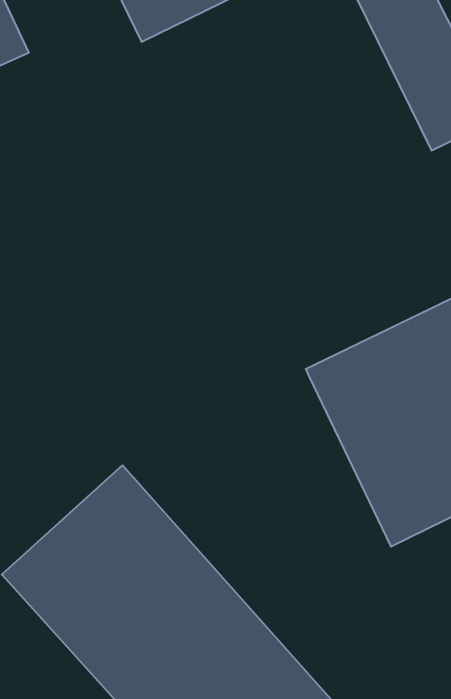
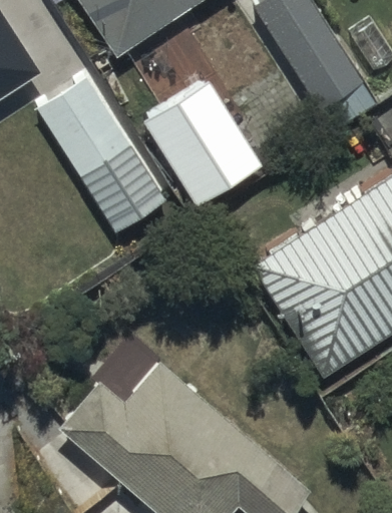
building: none -> [37,76,168,232]
building: none -> [143,81,259,204]

